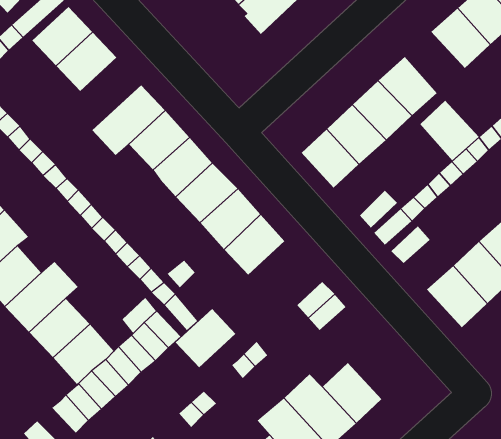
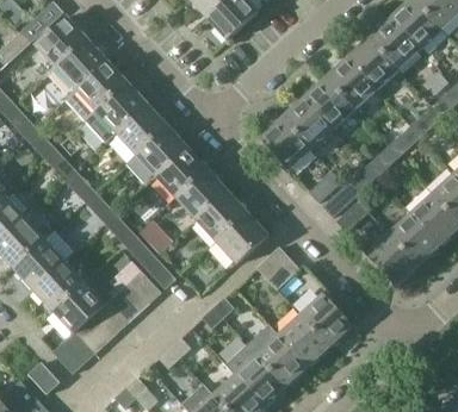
building: none -> [66,60,128,120]
building: [420,100,479,161] -> [348,38,398,89]
building: [175,308,236,368] -> [217,213,268,263]
building: none -> [301,293,352,345]

